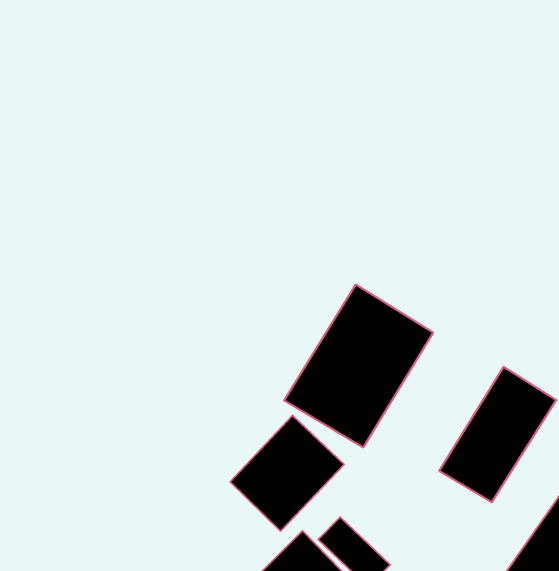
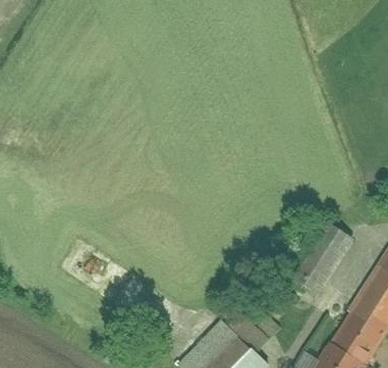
building: [284,285,433,447] -> none
building: [230,415,344,531] -> none

